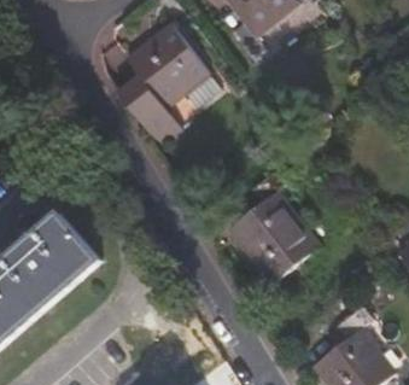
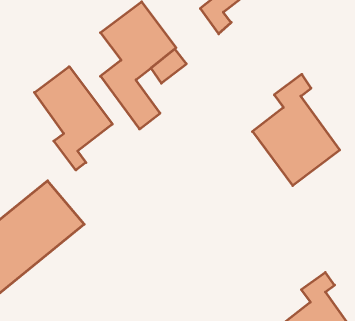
building: none -> [34,67,112,170]
building: [223,168,315,285] -> [252,74,340,186]

